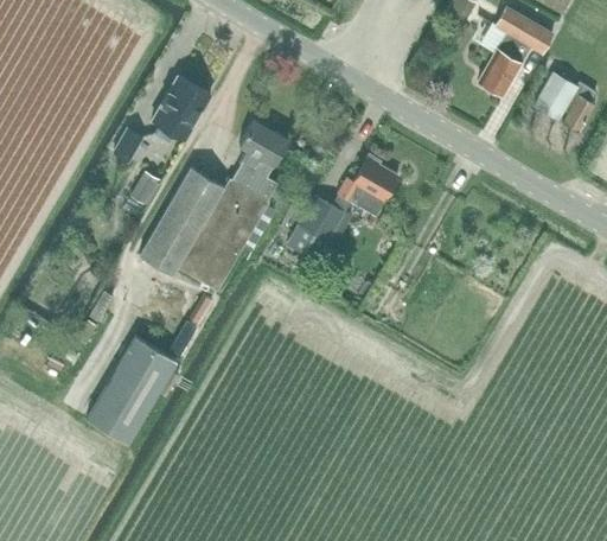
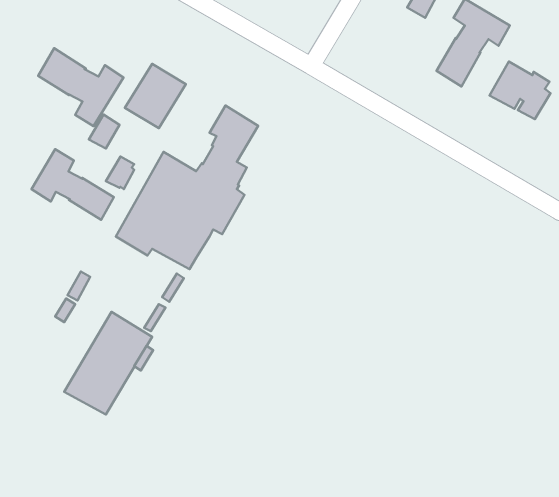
building: none -> [38,48,123,126]
building: [287,153,400,255] -> none
building: none -> [32,149,114,220]

